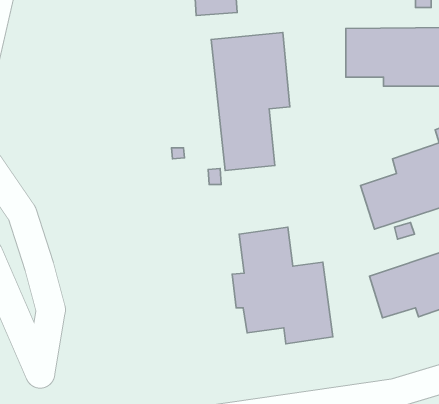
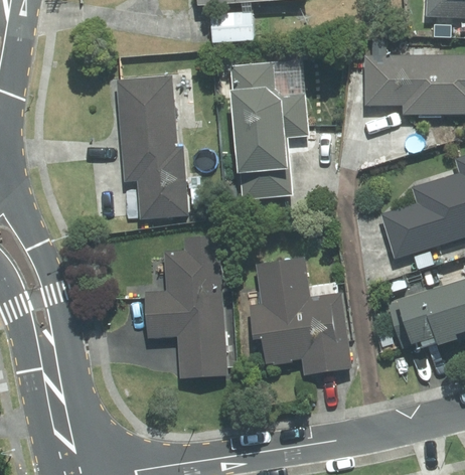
building: none -> [116,74,189,217]
building: none -> [146,235,228,378]

